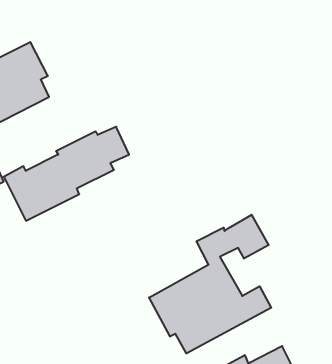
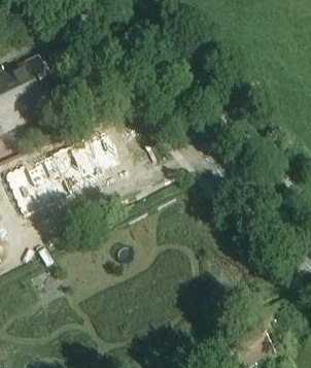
building: [149,215,271,353] -> none

